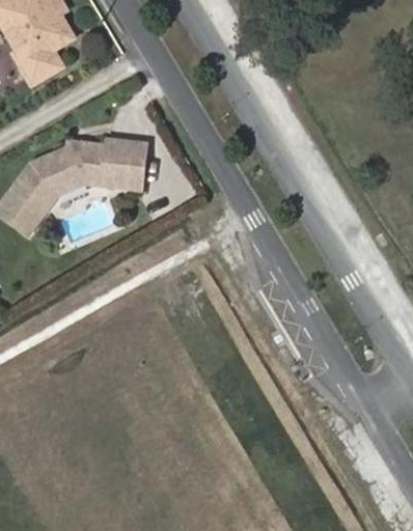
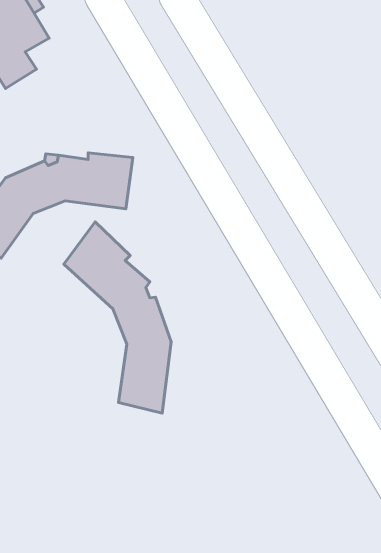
building: none -> [64,222,171,413]

